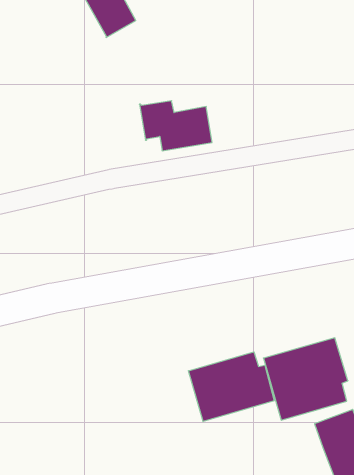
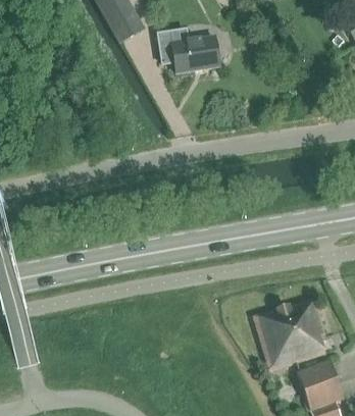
building: [139,101,212,151] -> [157,29,219,71]
building: [188,352,274,422] -> none

